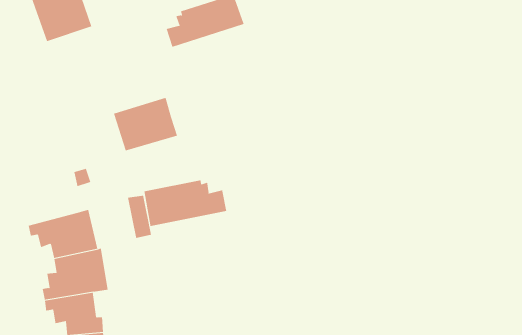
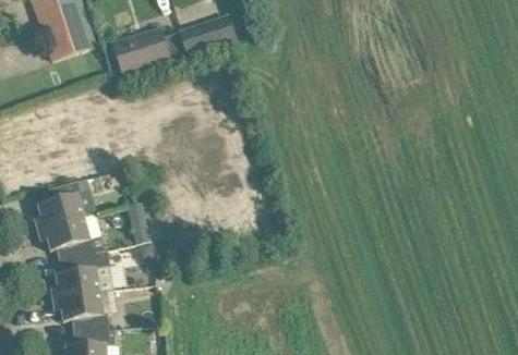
building: [113,97,178,151] -> [110,27,170,77]
building: none -> [33,180,81,229]
building: [144,180,227,227] -> none

